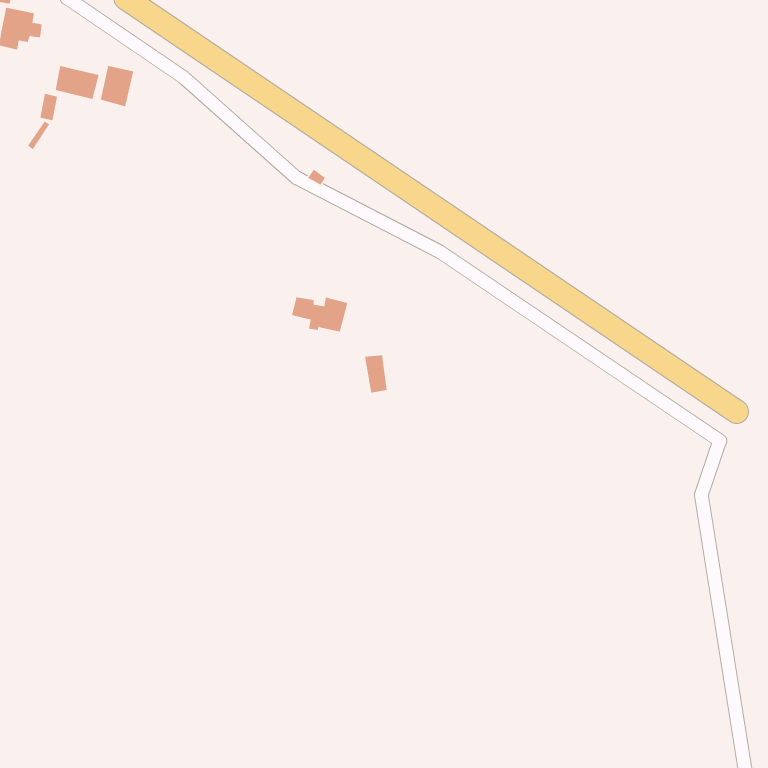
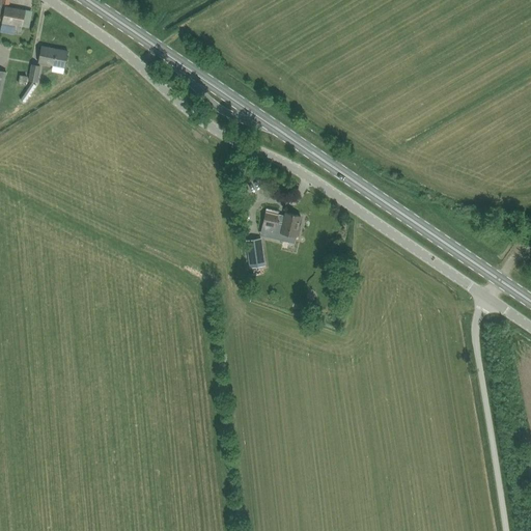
building: [100,65,134,107] -> none
building: [291,297,348,332] -> [262,212,301,235]

